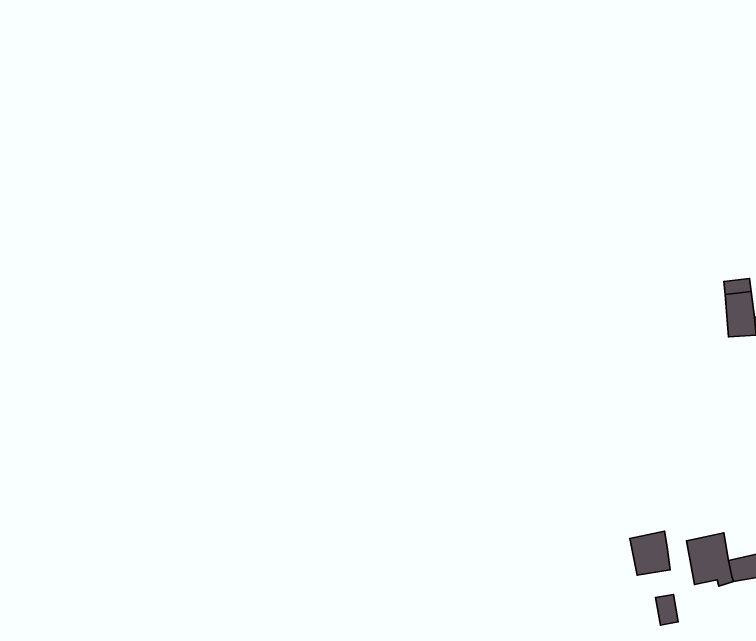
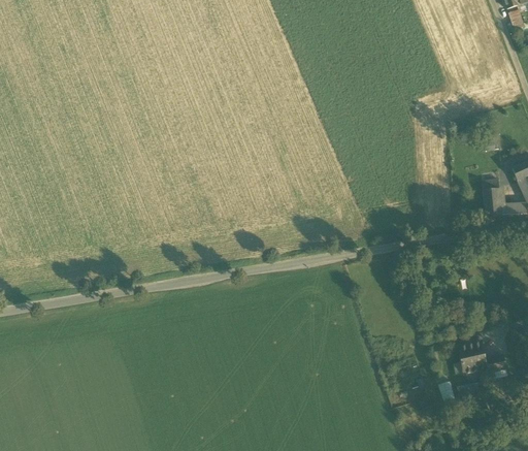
building: [630,531,670,575] -> none

